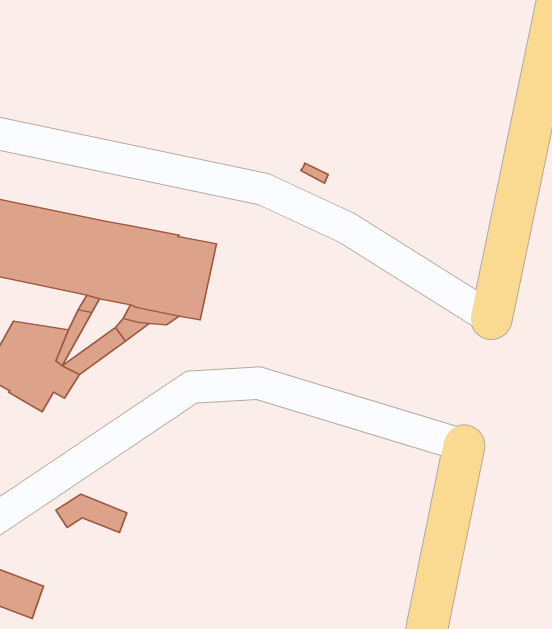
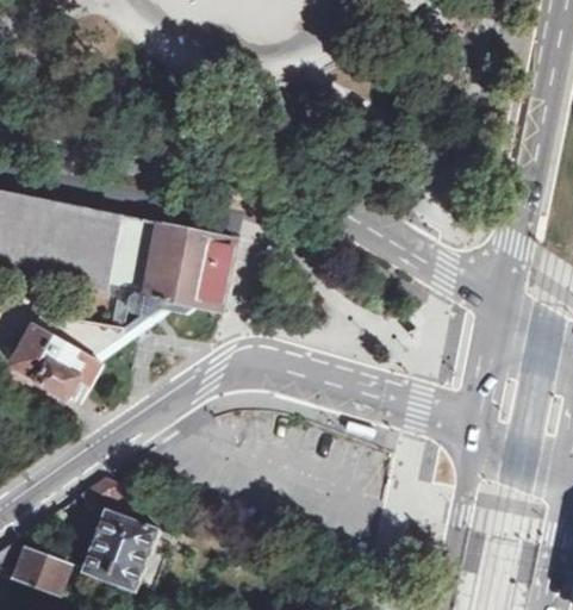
building: none -> [80,509,157,591]

